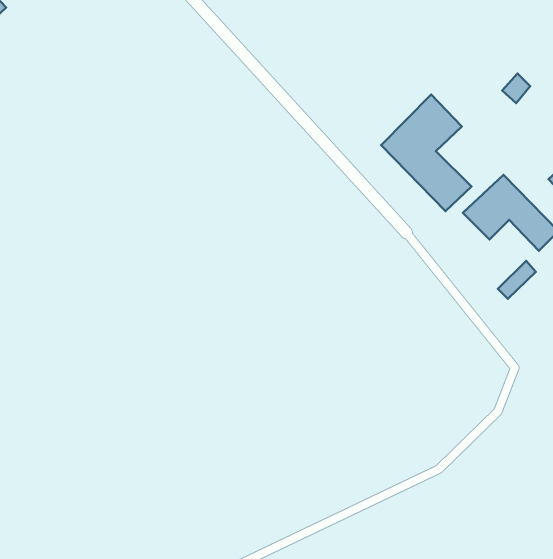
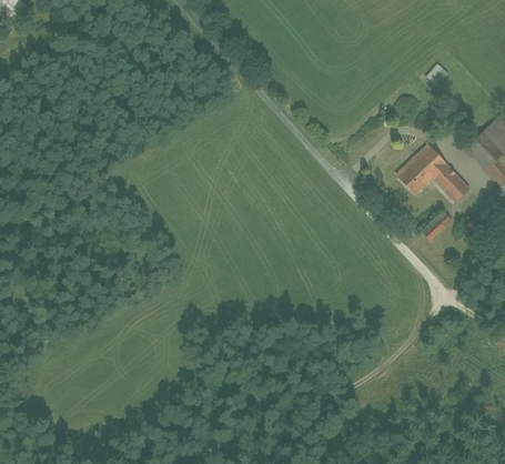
building: [381,94,471,211] -> none

